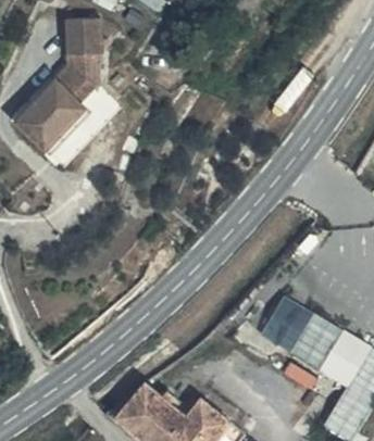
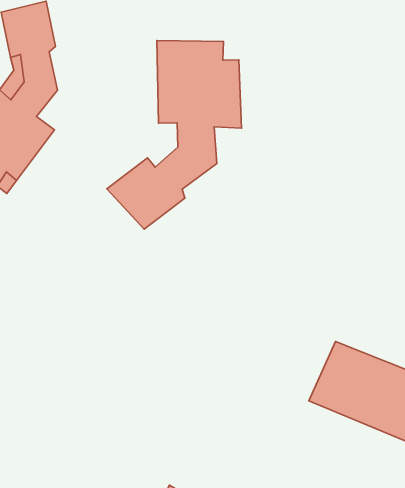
building: none -> [107,41,241,229]

